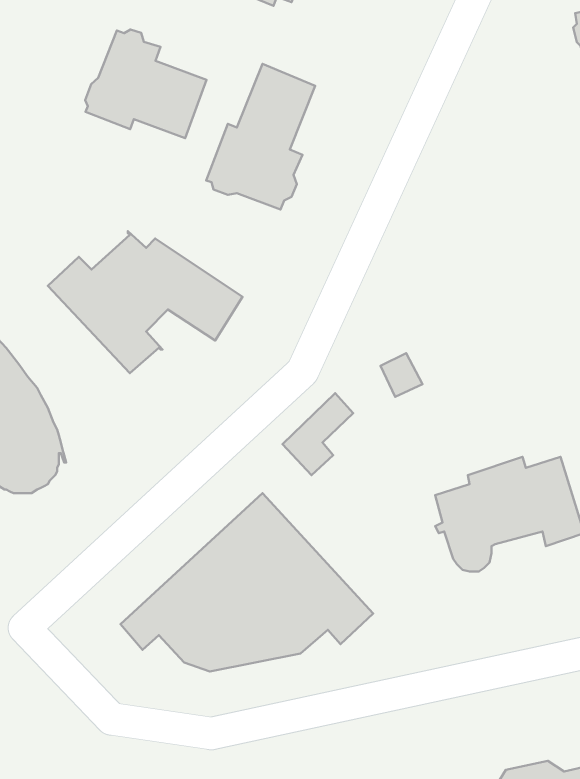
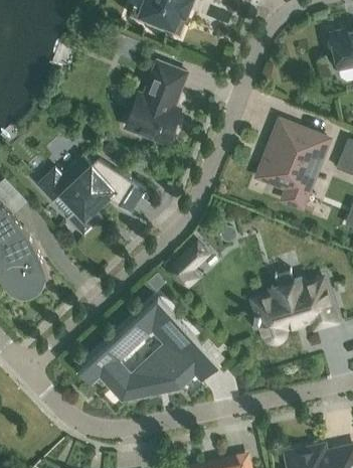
building: [85,29,206,138] -> none
building: none -> [258,120,329,206]

